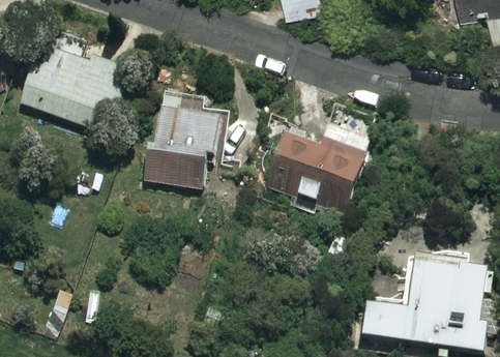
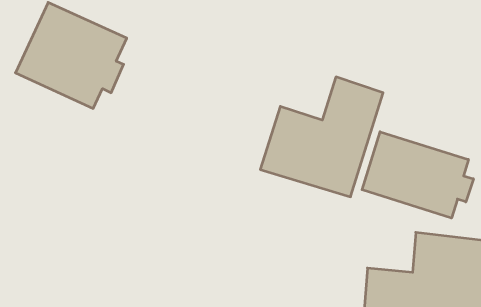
building: [139,99,226,188] -> none
building: none -> [362,132,473,218]

